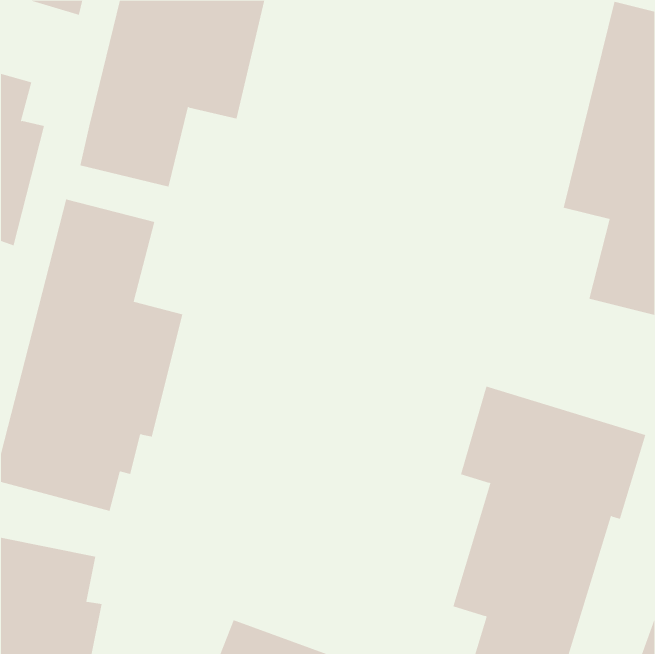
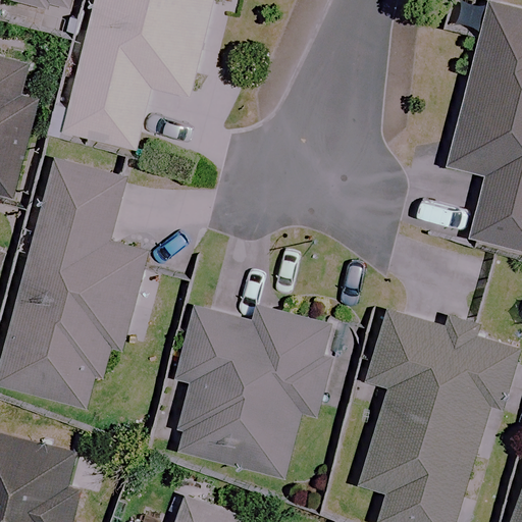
building: none -> [173,305,332,477]

